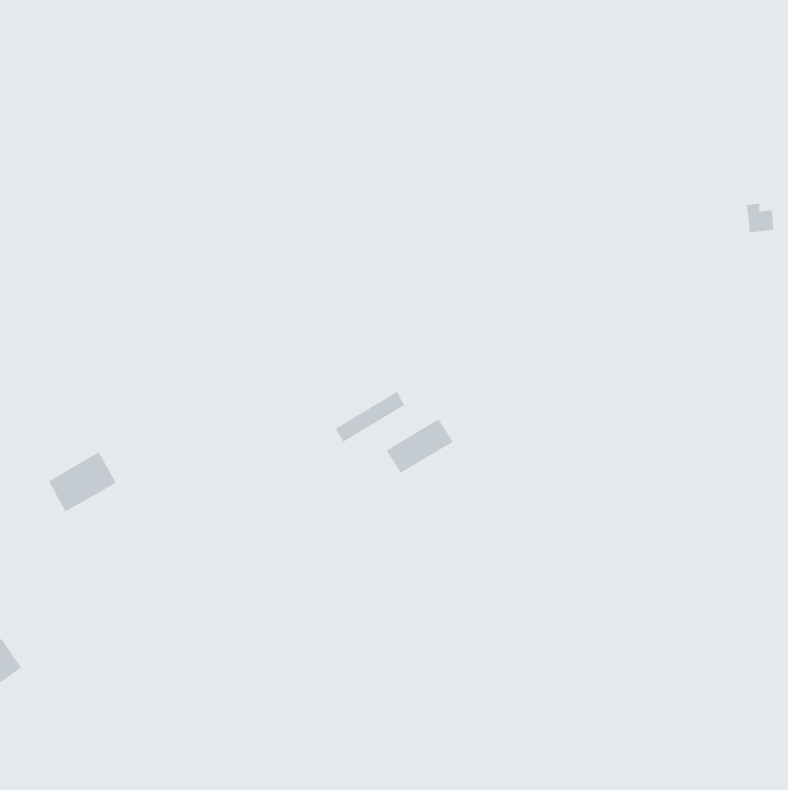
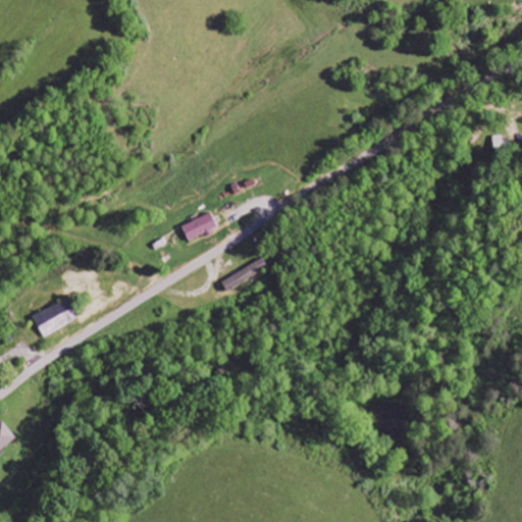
building: none -> [180,213,216,240]
building: [386,419,454,474] -> none

